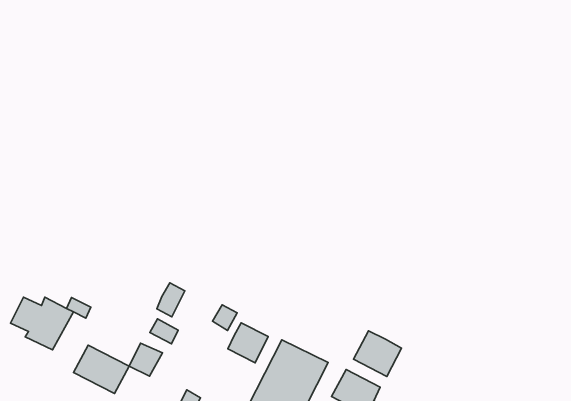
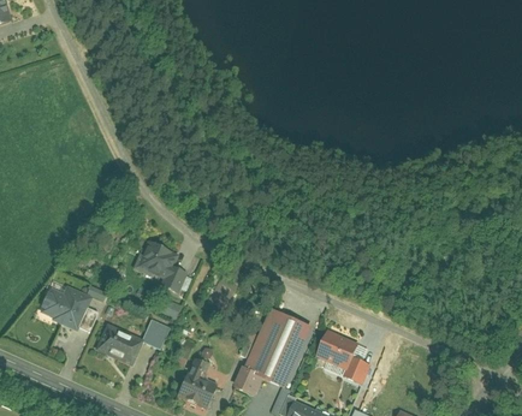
building: none -> [137,242,177,279]
building: [228,323,268,363] -> none
building: [354,331,402,376] -> none

